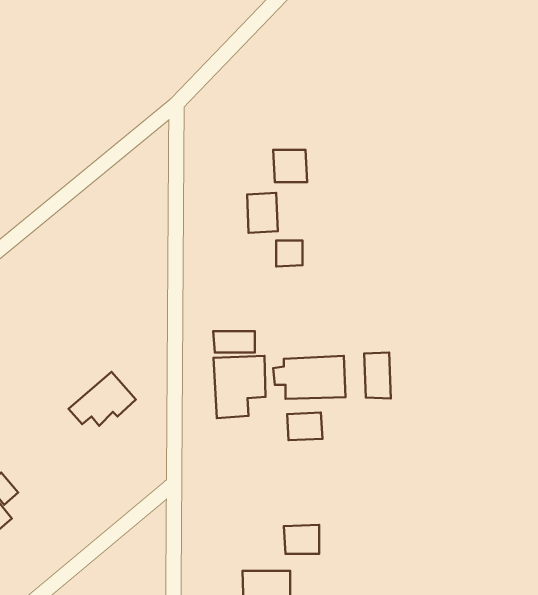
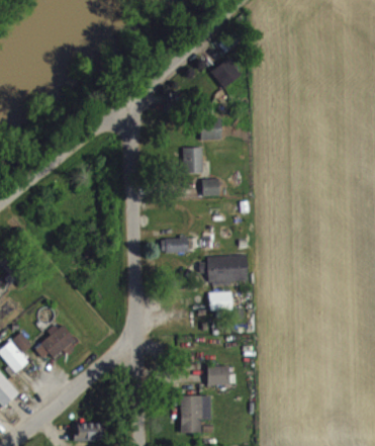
building: none -> [211,59,242,88]
building: [364,353,391,398] -> none
building: [214,356,265,418] -> none
building: [68,372,136,426] -> [34,324,79,359]

